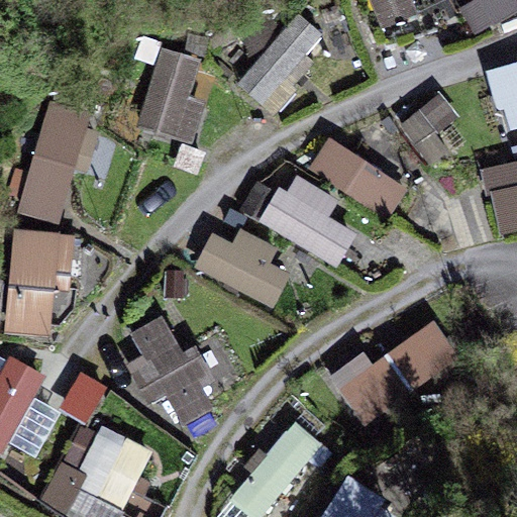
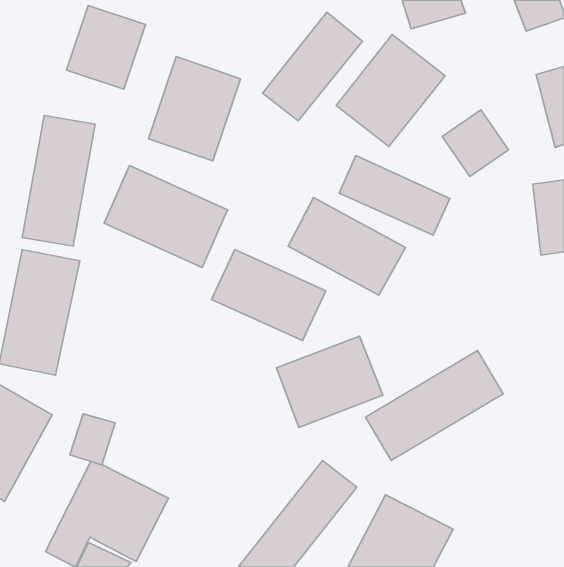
building: none -> [66,6,146,89]
building: none -> [336,35,445,147]
building: none -> [104,166,228,267]
building: none -> [277,336,383,428]
building: [129,317,231,425] -> none

